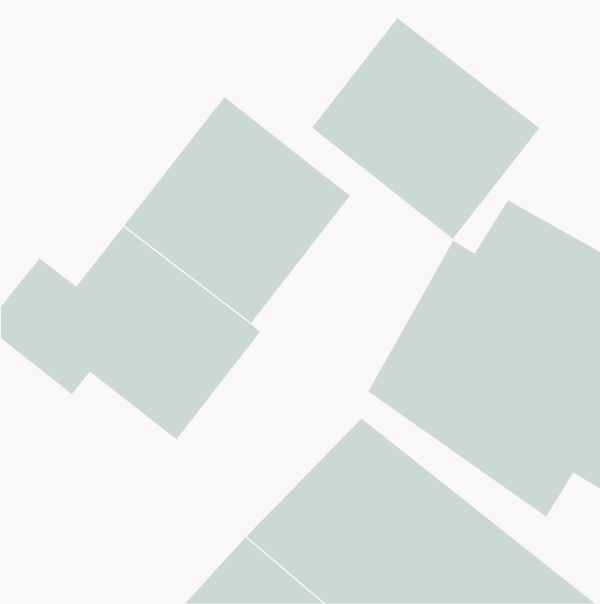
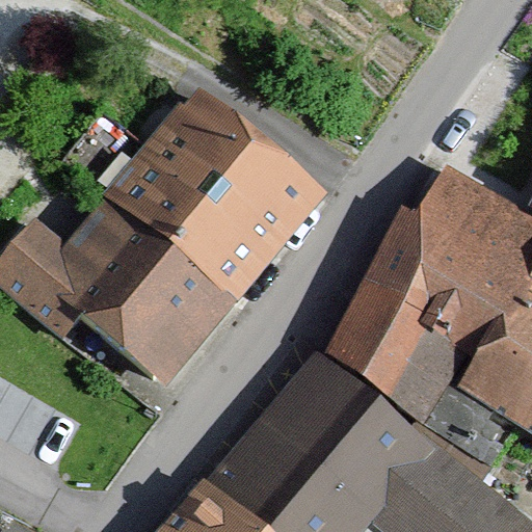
building: [311,17,540,240] -> none

